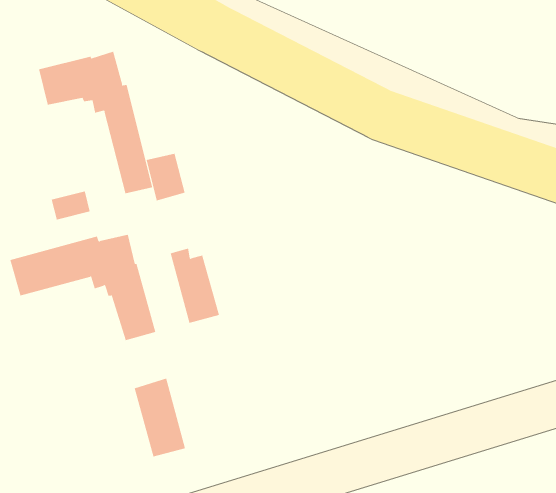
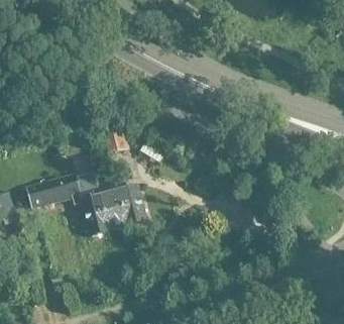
building: [38,51,153,194] -> none
building: [134,378,186,457] -> [98,183,128,229]

